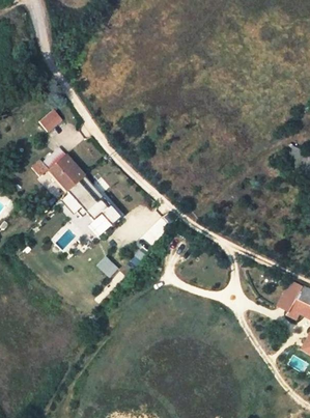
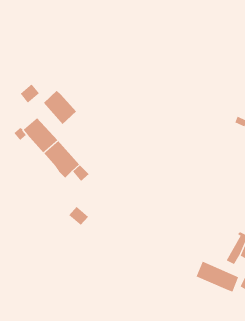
building: none -> [43,90,77,125]
building: none -> [196,261,239,292]

